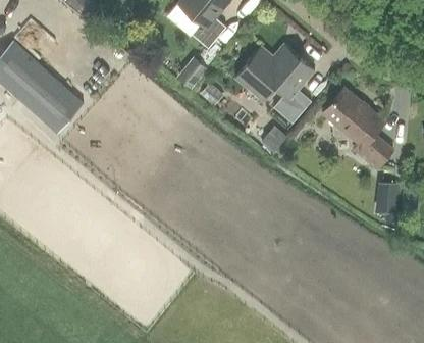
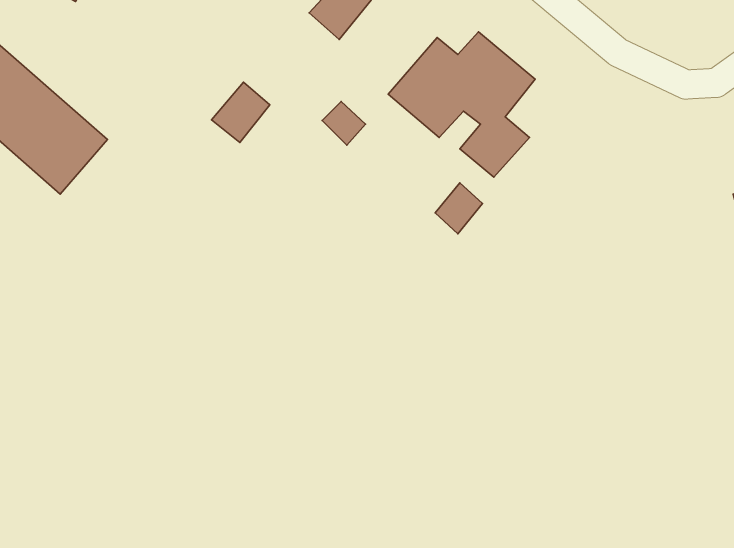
building: [176,55,208,88] -> [211,82,270,142]
building: [321,88,391,168] -> none
building: [376,183,399,214] -> none

